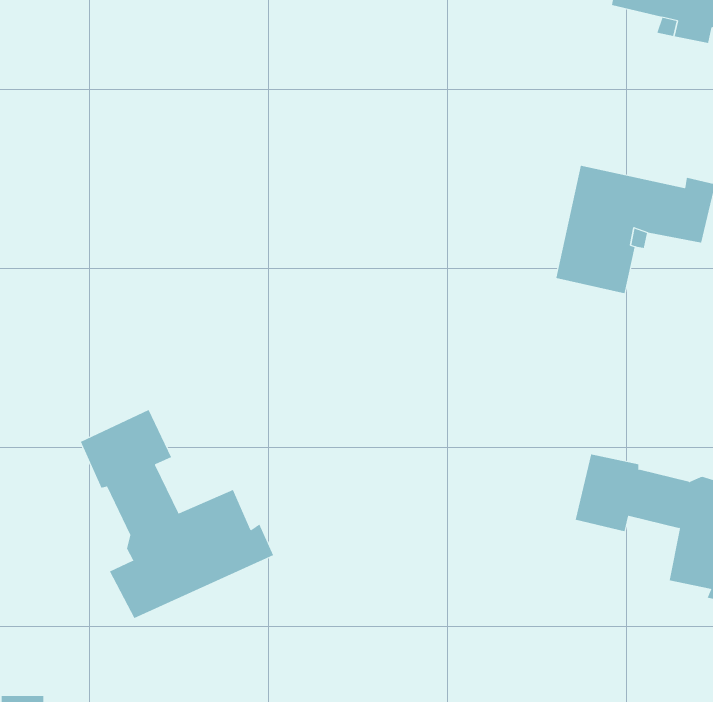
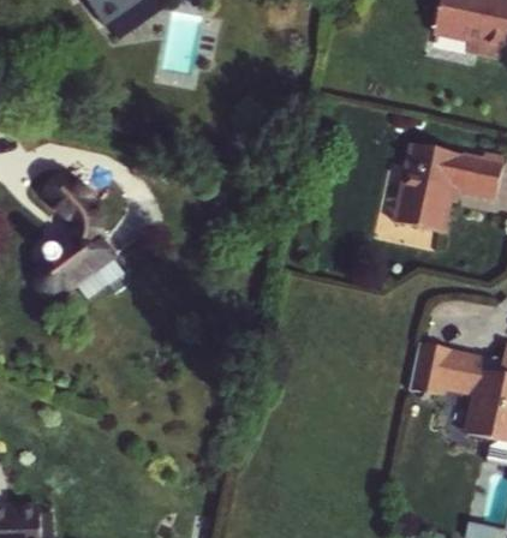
building: none -> [32,169,129,300]
building: [80,409,274,619] -> none

